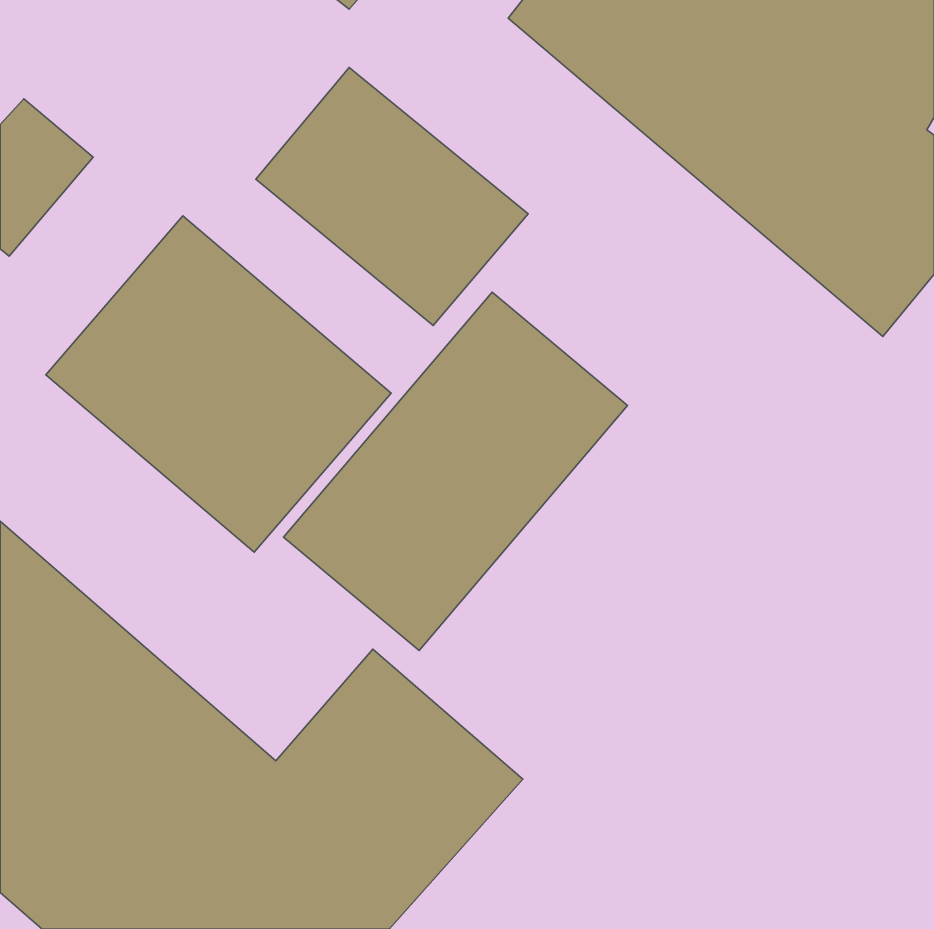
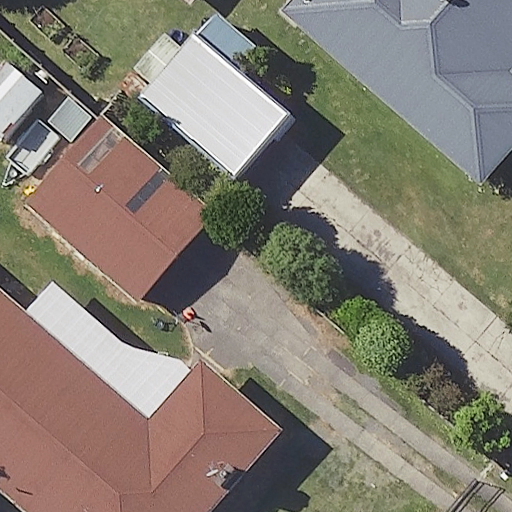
building: [284,292,628,651] -> none

